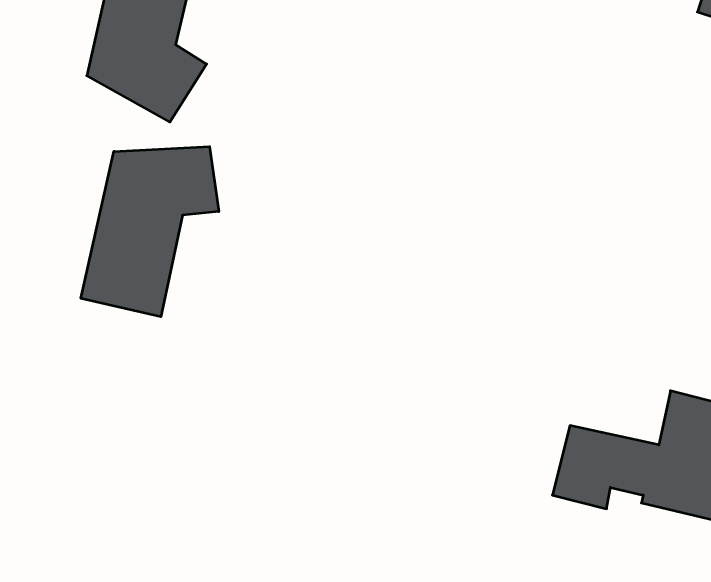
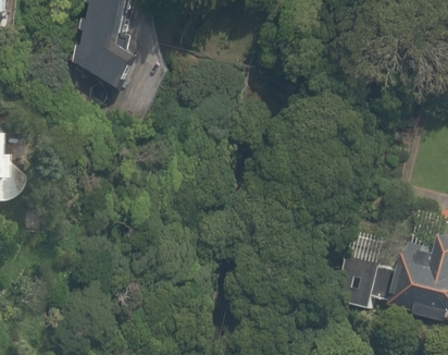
building: [81,147,219,317] -> none

